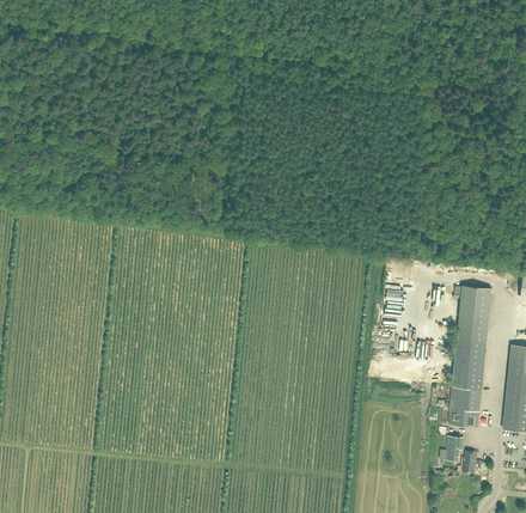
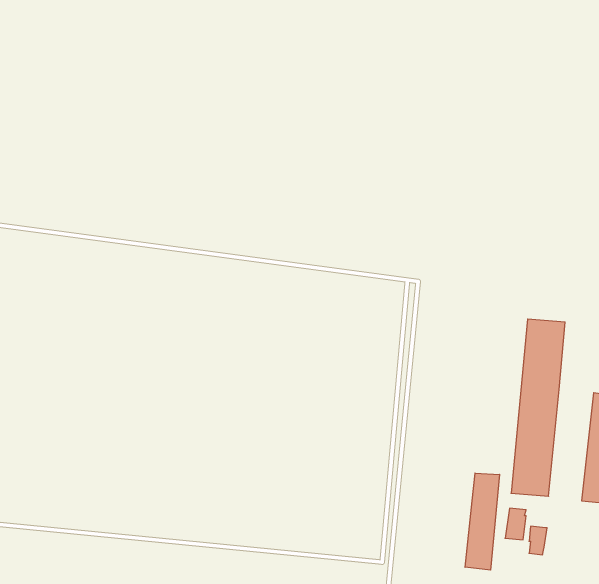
building: none -> [465,473,500,570]

